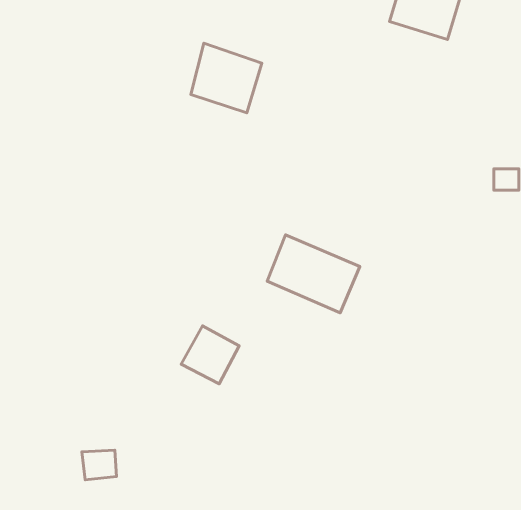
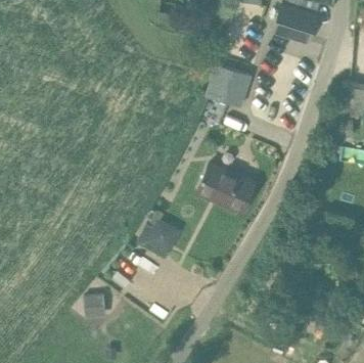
building: [191,43,262,113] -> [206,63,249,106]

